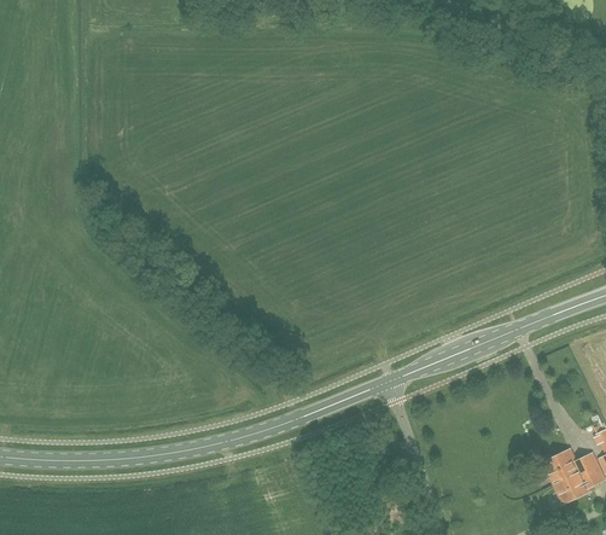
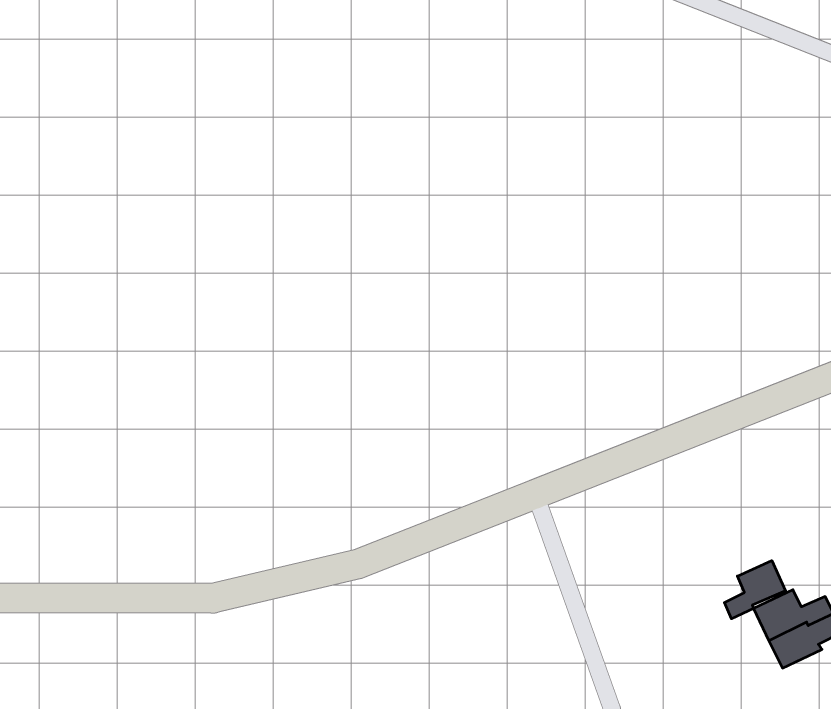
building: none -> [724,561,786,619]

